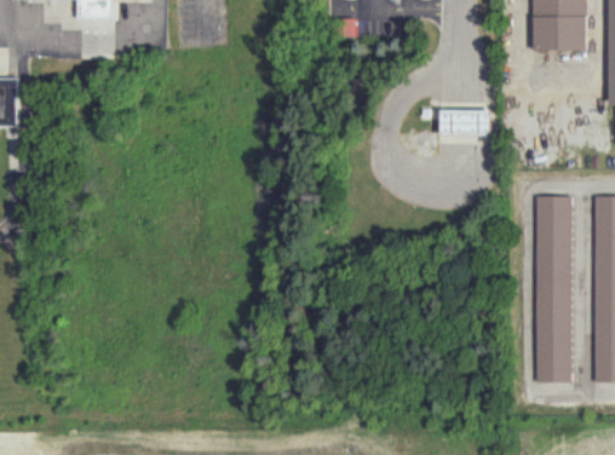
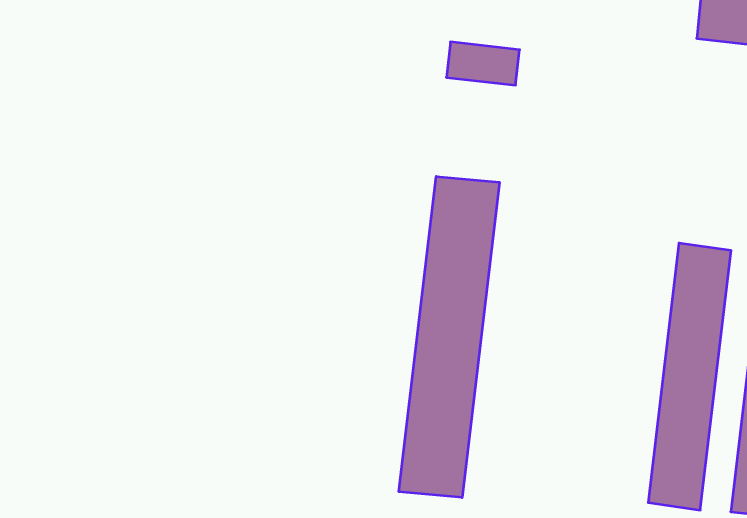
building: [441,109,490,134] -> [446,42,520,85]
building: none -> [399,176,499,498]

